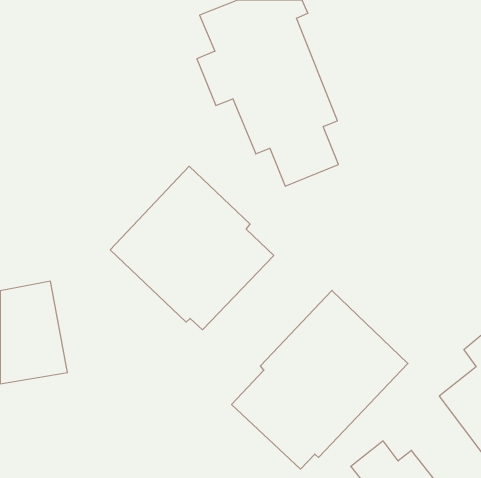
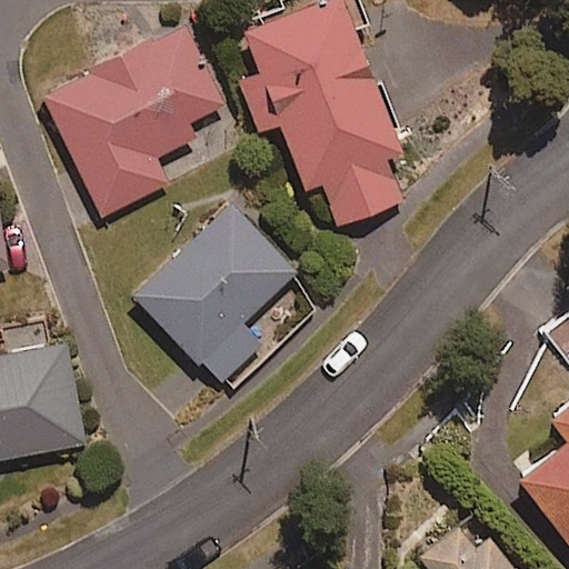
building: none -> [43,29,224,218]
building: [232,290,408,469] -> none

